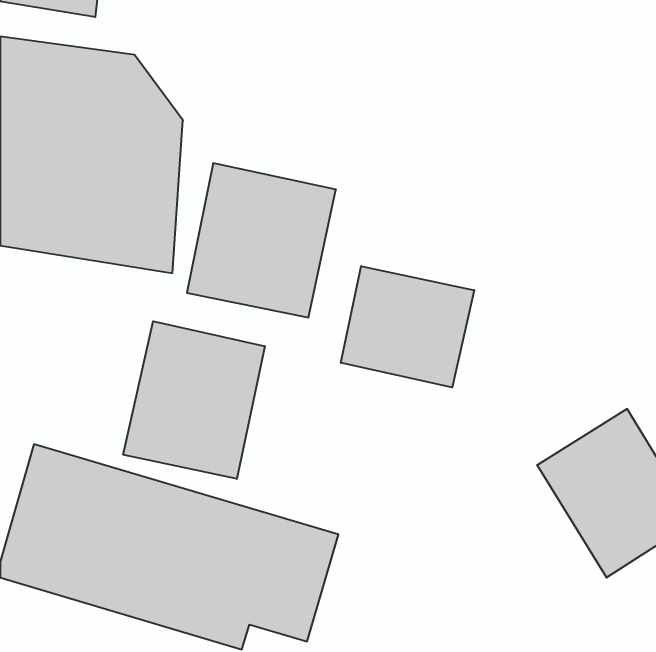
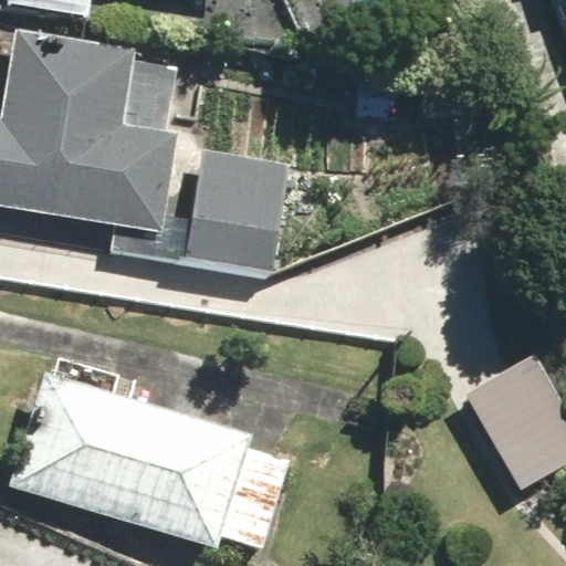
building: [341,266,474,387] -> none
building: [123,321,265,479] -> none

